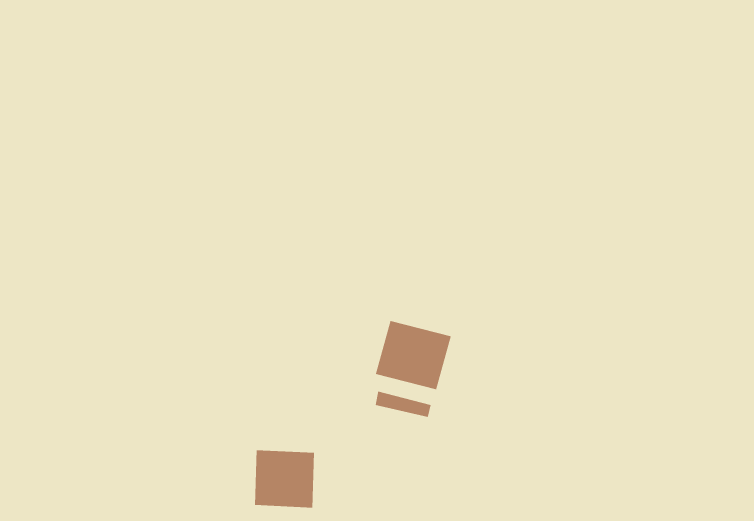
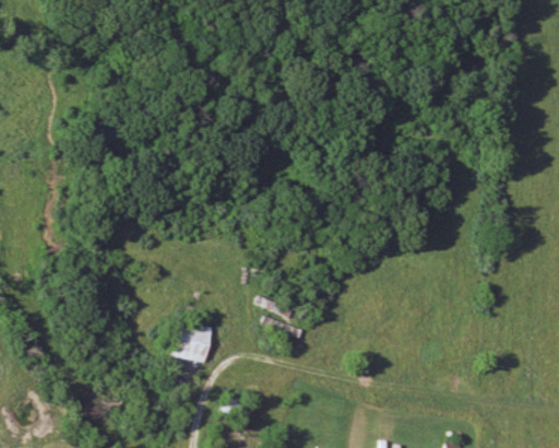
building: [375,320,452,390] -> none

